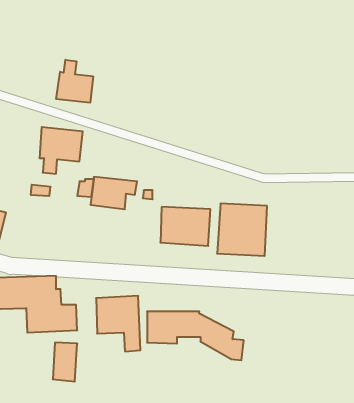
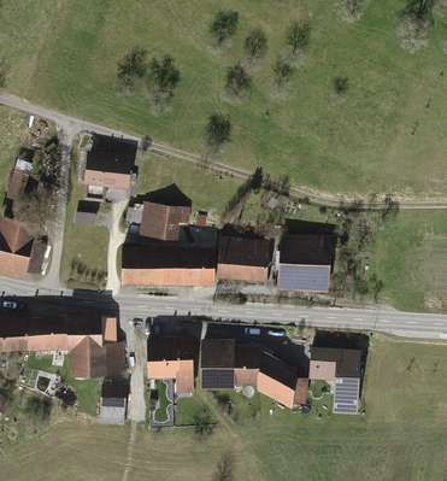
building: [56,60,93,103] -> none
building: none -> [120,239,217,286]
building: none -> [311,351,359,412]

